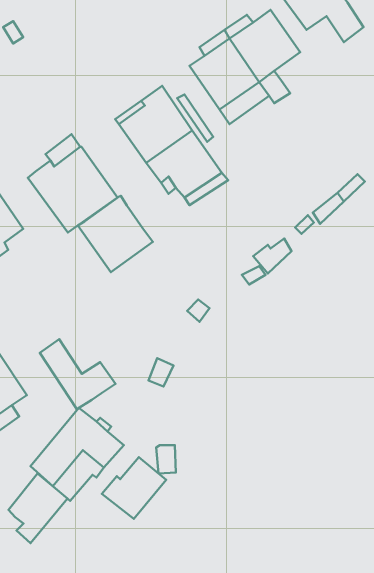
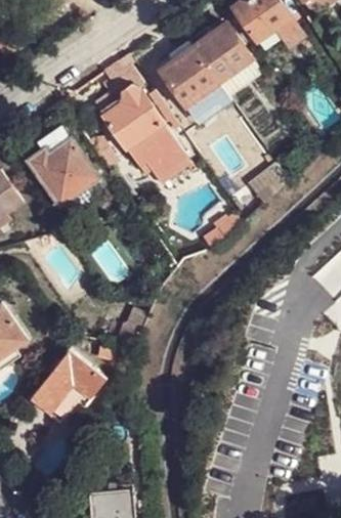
building: [78,196,153,272] -> none
building: [40,339,115,409] -> none
building: [102,457,166,519] -> none
building: [9,474,67,543] -> none

